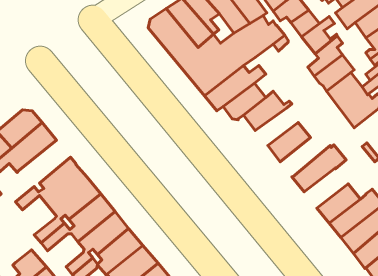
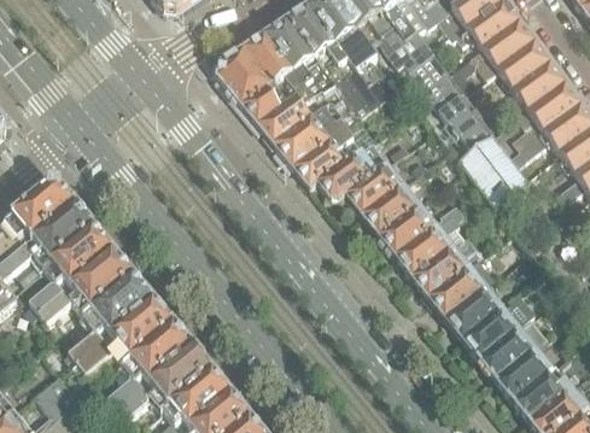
building: none -> [364,182,422,233]
building: none -> [398,211,466,275]
building: none -> [24,226,115,315]
building: none -> [431,263,490,317]

